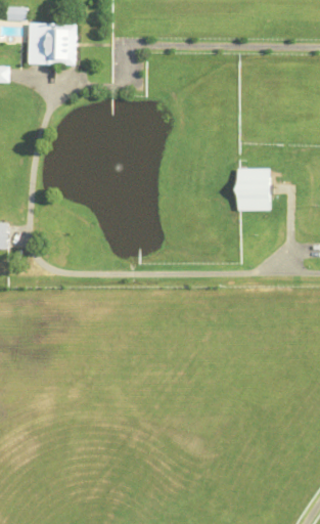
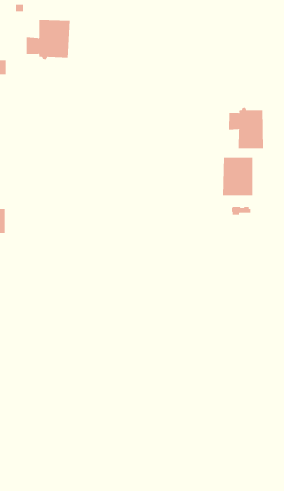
building: none -> [229,107,264,149]

